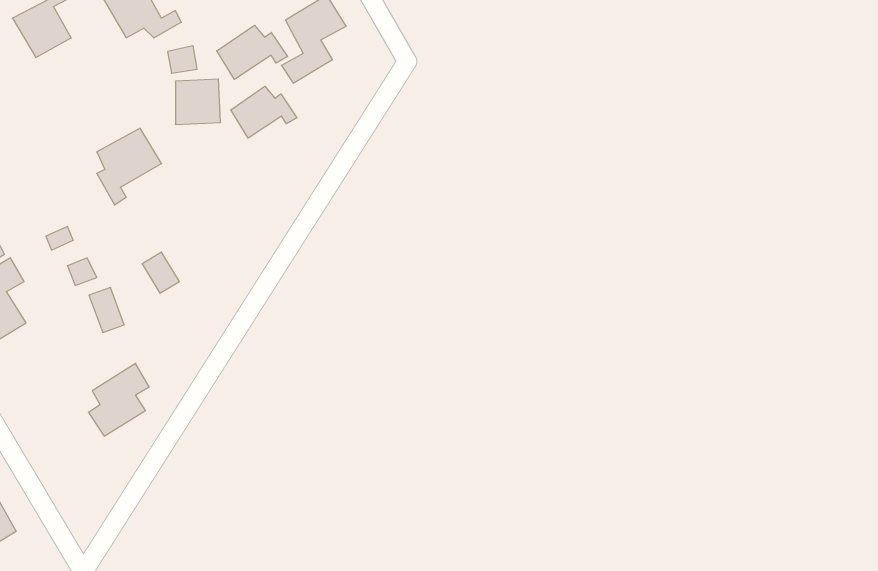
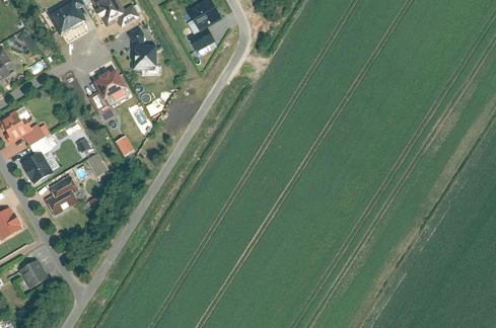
building: [217,25,288,79] -> none
building: [231,86,297,138] -> none
building: [88,363,149,436] -> [48,176,79,214]

